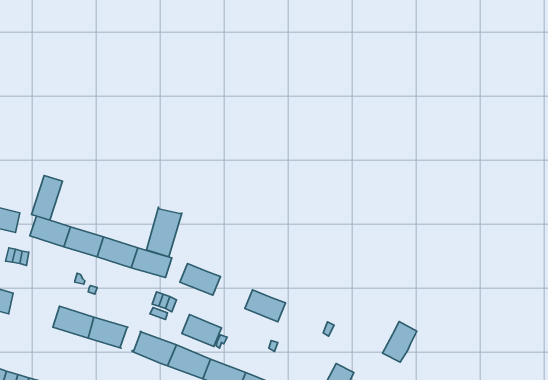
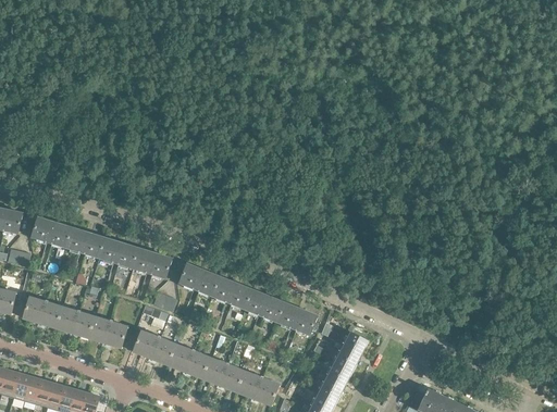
building: [32,176,62,220] -> none
building: [146,207,182,257] -> none
building: none -> [23,296,61,326]
building: none -> [276,302,317,335]
building: [182,315,222,347] -> [212,276,251,308]
building: [383,321,417,362] -> [334,330,368,371]

